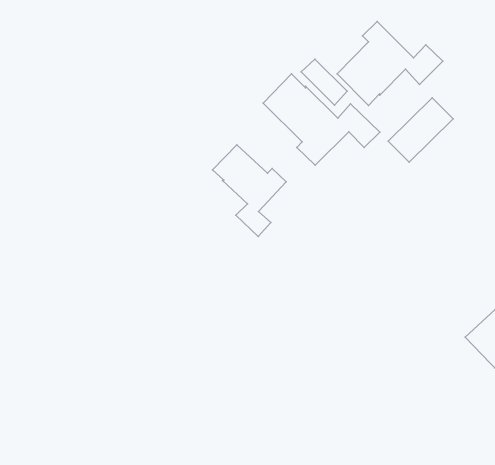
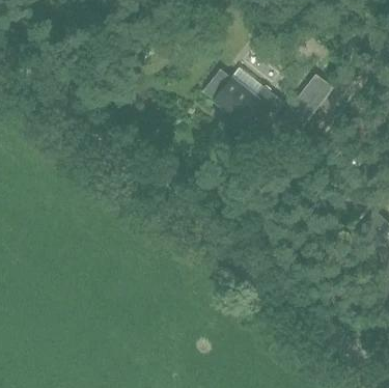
building: [337,22,443,105] -> none
building: [213,145,286,237] -> none

